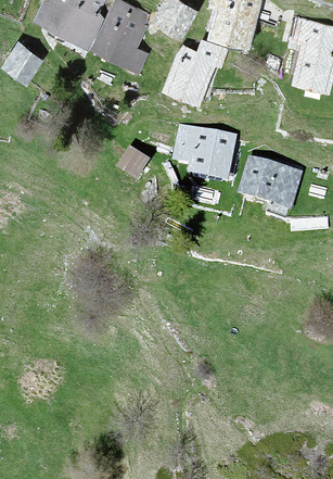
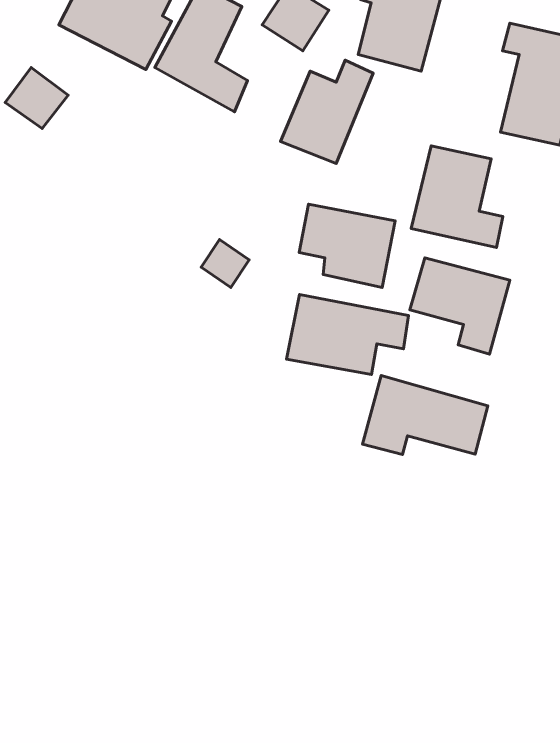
building: none -> [411,146,503,248]
building: none -> [287,294,408,375]
building: none -> [362,376,488,455]

